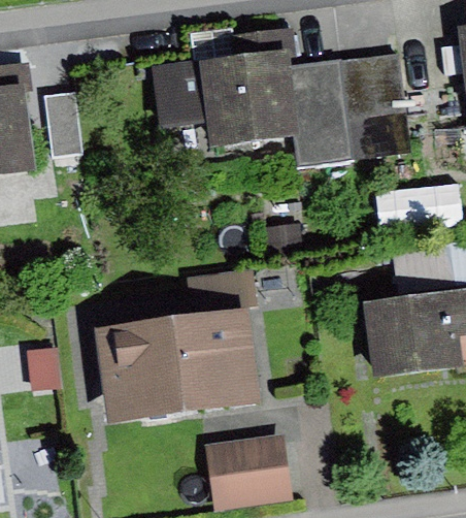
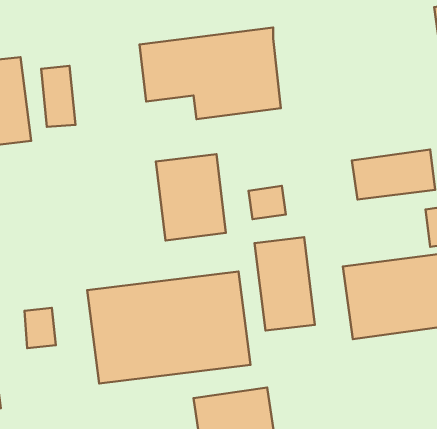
building: [289,51,410,163] -> none
building: none -> [156,154,226,240]
building: none -> [255,237,315,331]

